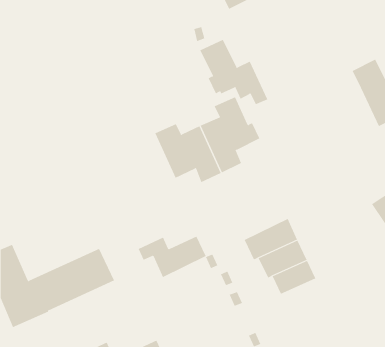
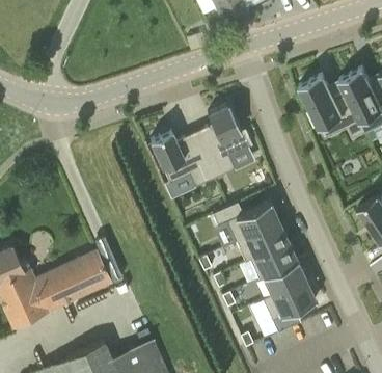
building: [199,39,268,105] -> [299,75,365,138]
building: [138,236,207,278] -> [212,202,278,242]
building: none -> [262,279,315,320]

